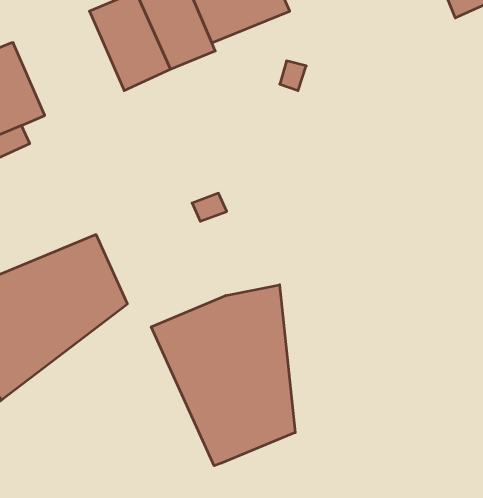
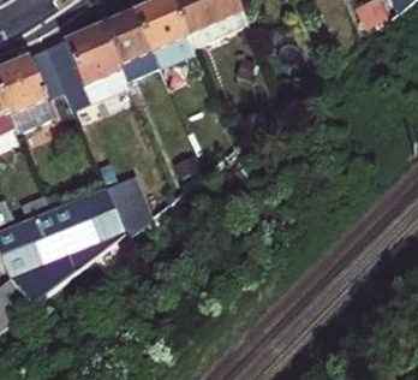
building: none -> [42,24,124,111]
building: none -> [104,178,151,237]
building: [151,285,295,466] -> none

